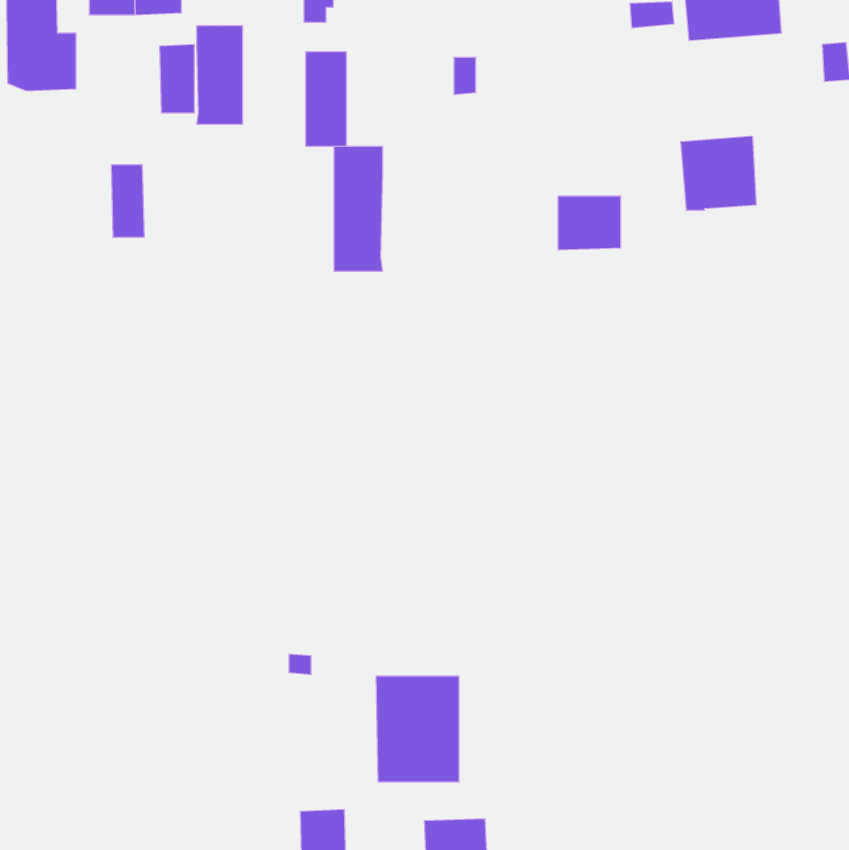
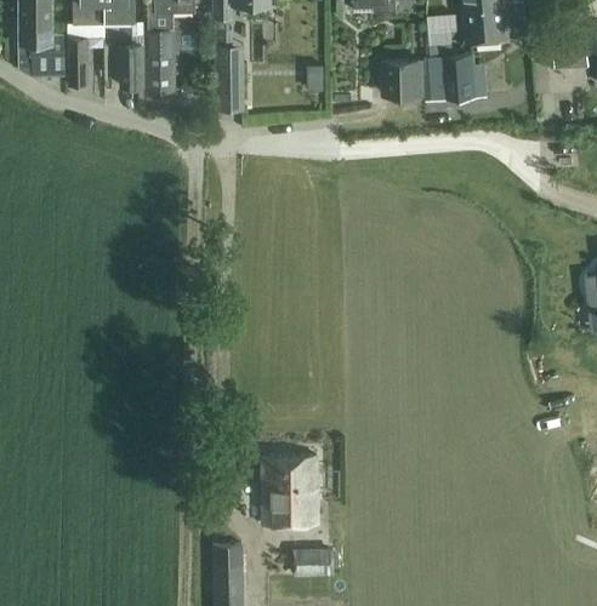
building: [680,136,756,210] -> [430,52,479,101]
building: [334,146,382,271] -> none
building: [111,165,144,237] -> [69,38,91,85]
building: [558,196,621,250] -> [383,61,425,96]

